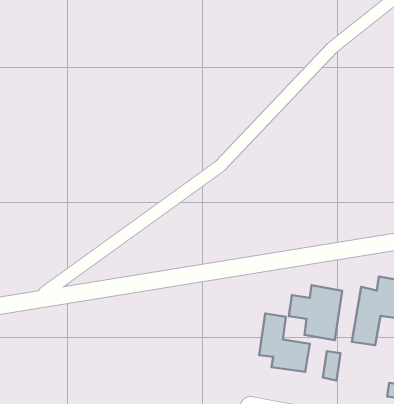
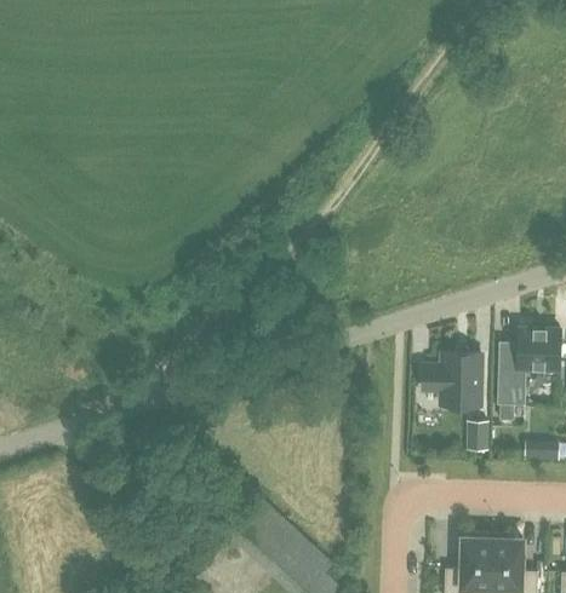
building: [259,314,310,372] -> none

